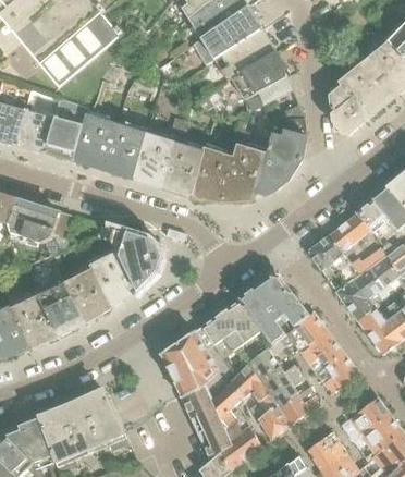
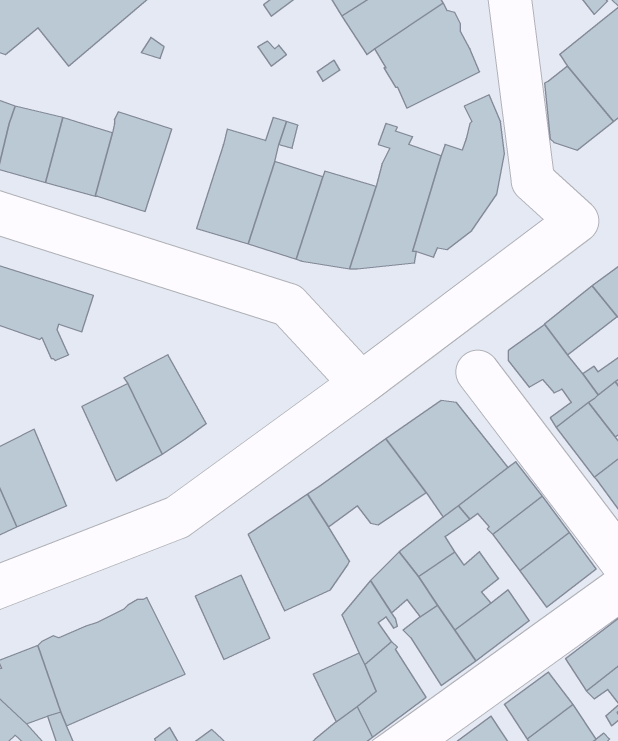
building: [101,122,146,179] -> none
building: [97,225,159,290] -> none
building: [38,280,85,337] -> none
building: [181,384,223,432] -> [195,575,270,659]

